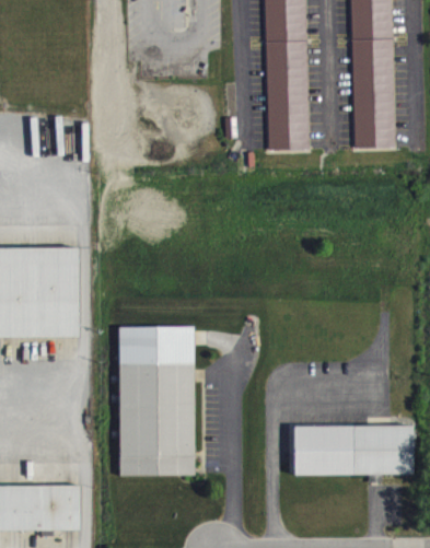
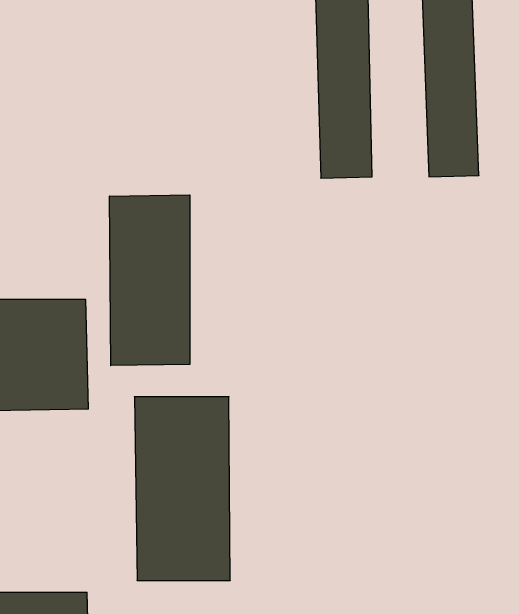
building: none -> [110,195,190,366]
building: [293,424,414,474] -> none

